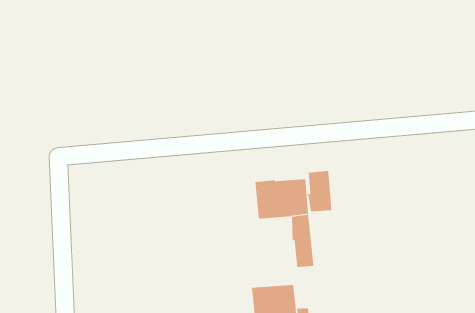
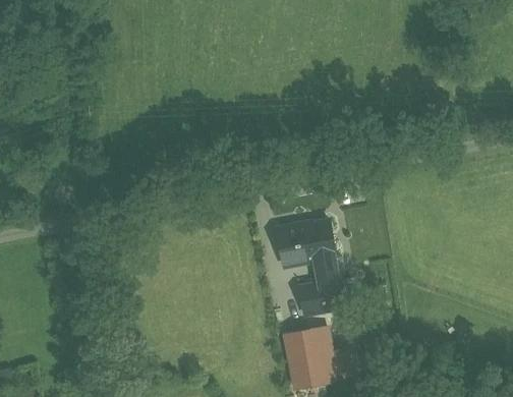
building: [307,170,332,212] -> none
building: none -> [298,282,326,313]

